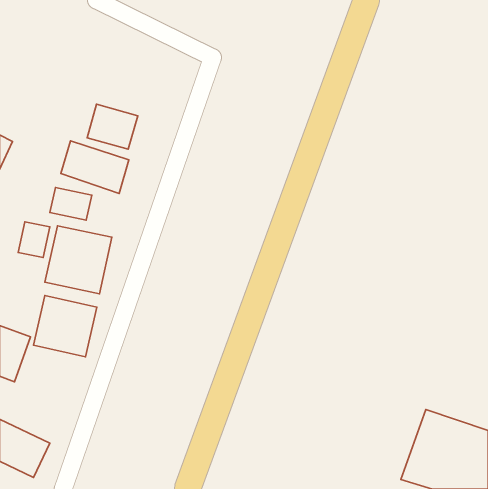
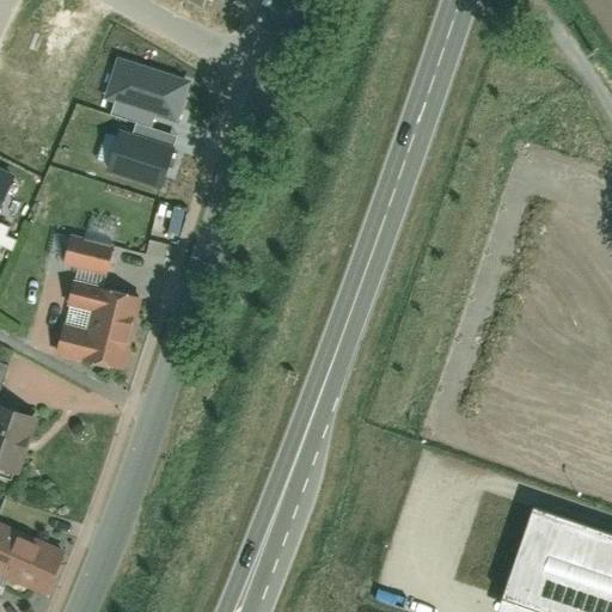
building: [61,141,129,193] -> [104,57,189,123]
building: [18,222,50,257] -> none
building: [33,296,97,357] -> none

